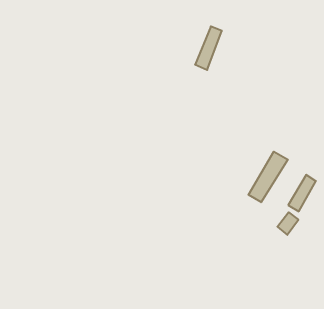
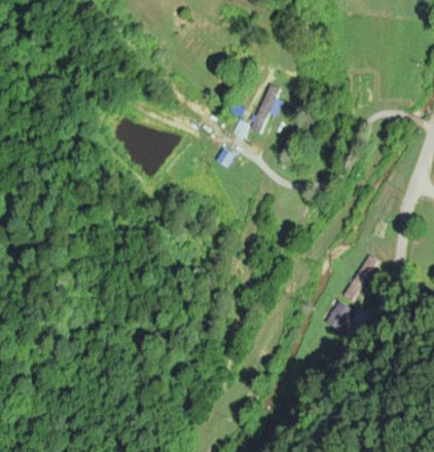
building: [248,152,288,202] -> none

